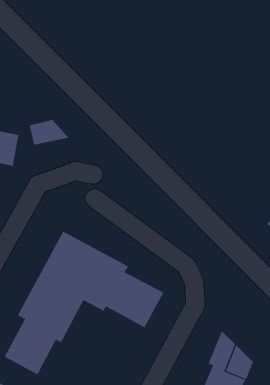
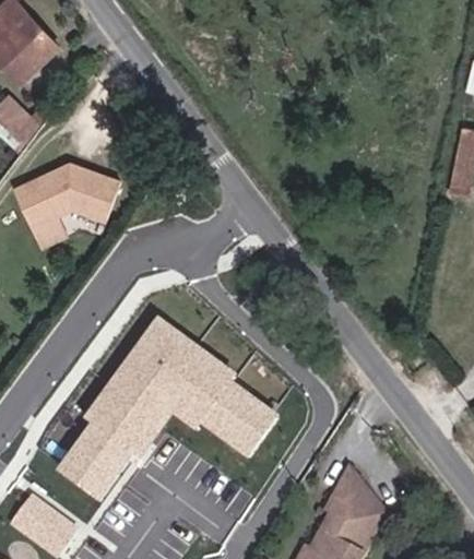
building: [29,119,70,145] -> none

